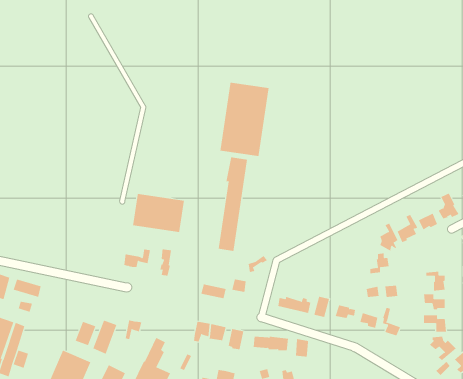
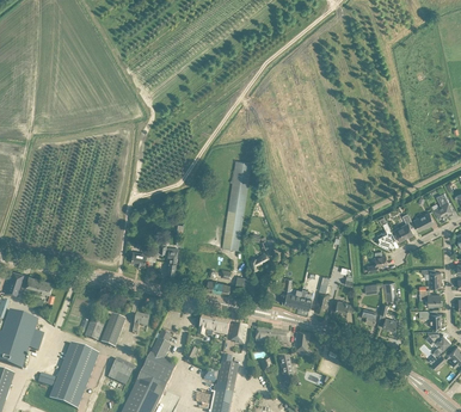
building: [220,82,269,157] -> none
building: [133,193,184,233] -> none

